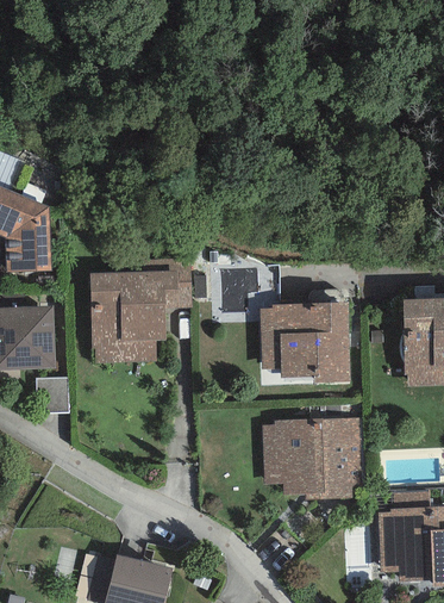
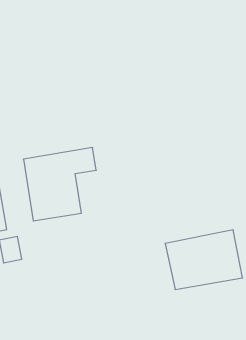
building: [220,267,259,315] -> none
building: [265,307,355,375] -> none

